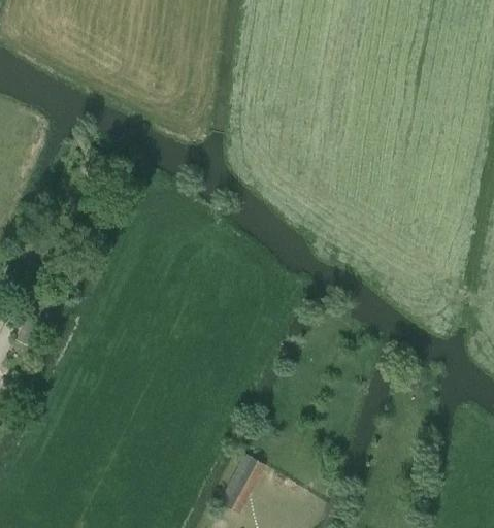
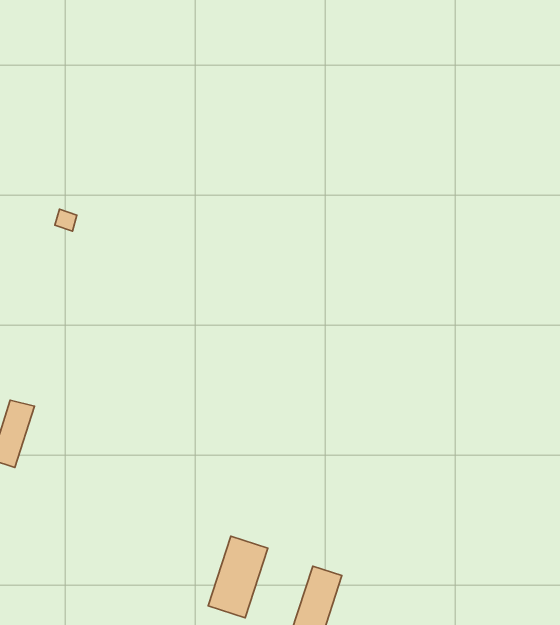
building: none -> [208,536,268,618]

